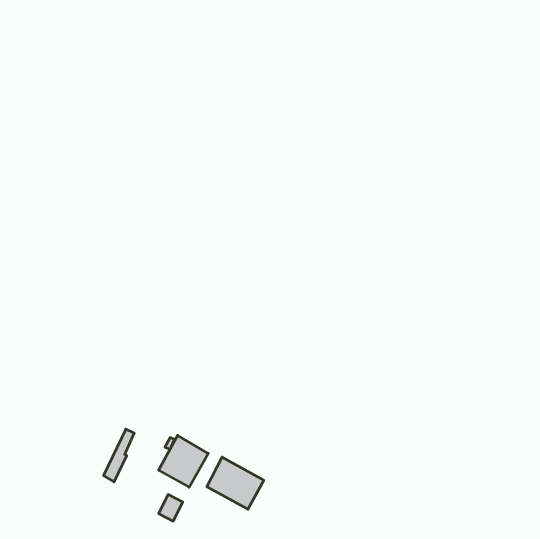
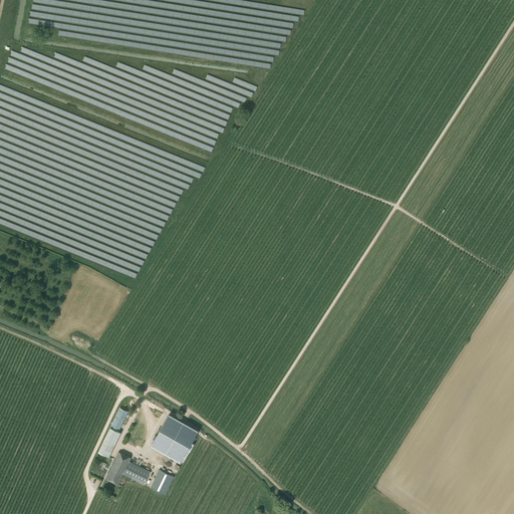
building: [207,457,264,509] -> none
building: none -> [105,453,151,485]

